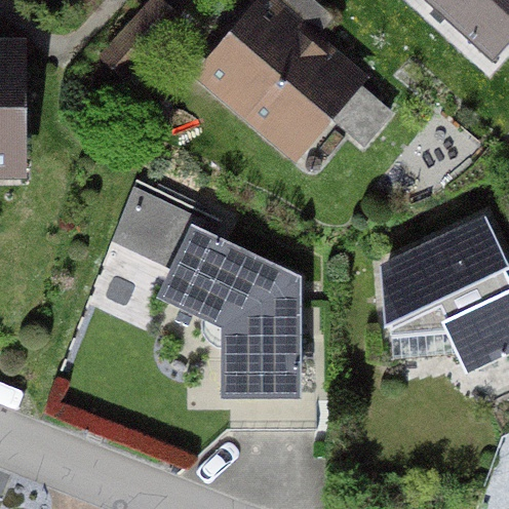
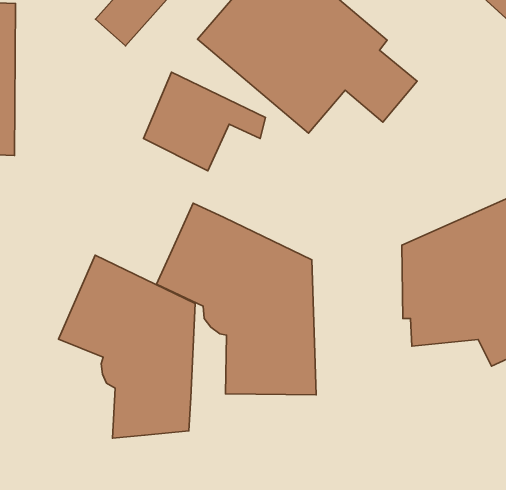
building: [111,175,224,267] -> [144,72,266,171]
building: none -> [58,255,195,438]

